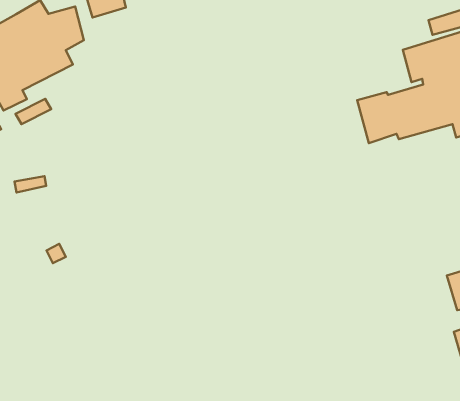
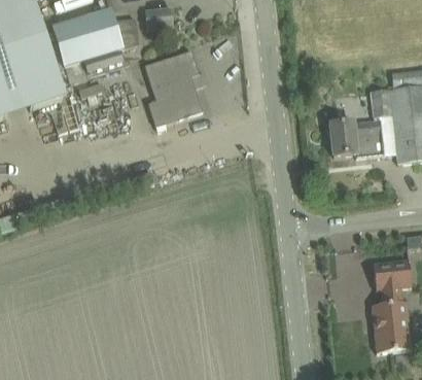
building: none -> [144,49,202,126]

